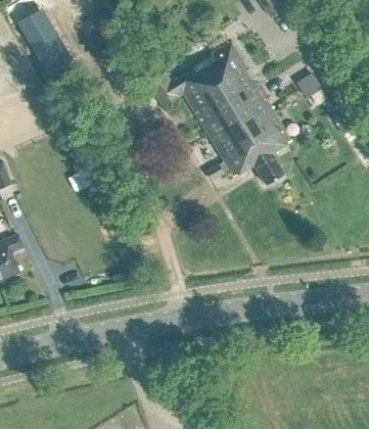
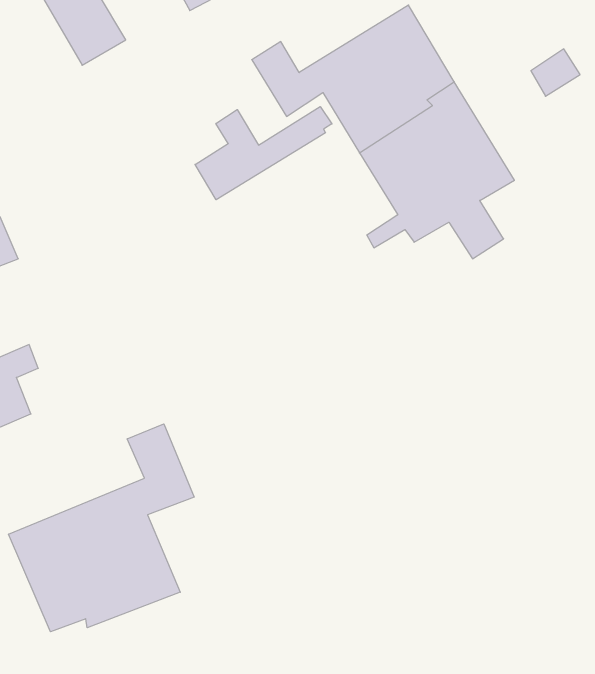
building: none -> [195,107,332,200]
building: none -> [9,424,194,632]

